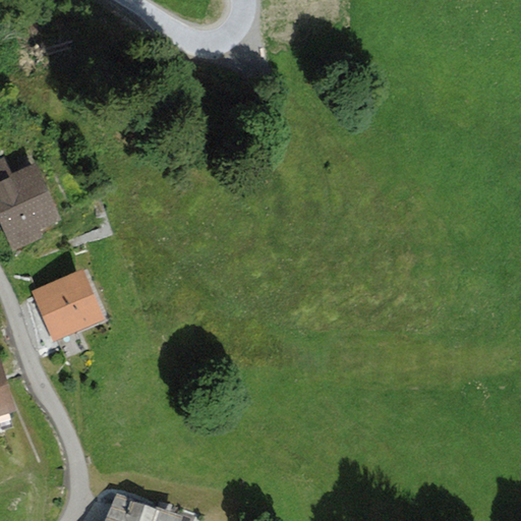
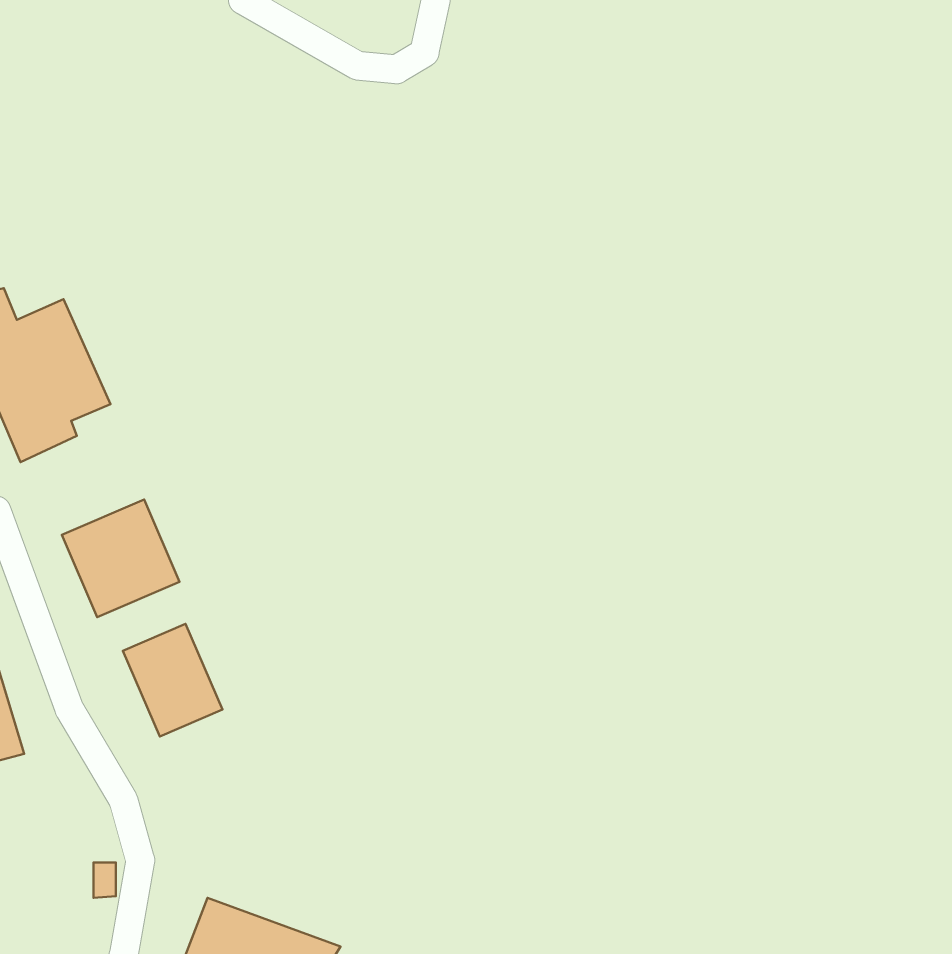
building: none -> [123,624,223,737]

